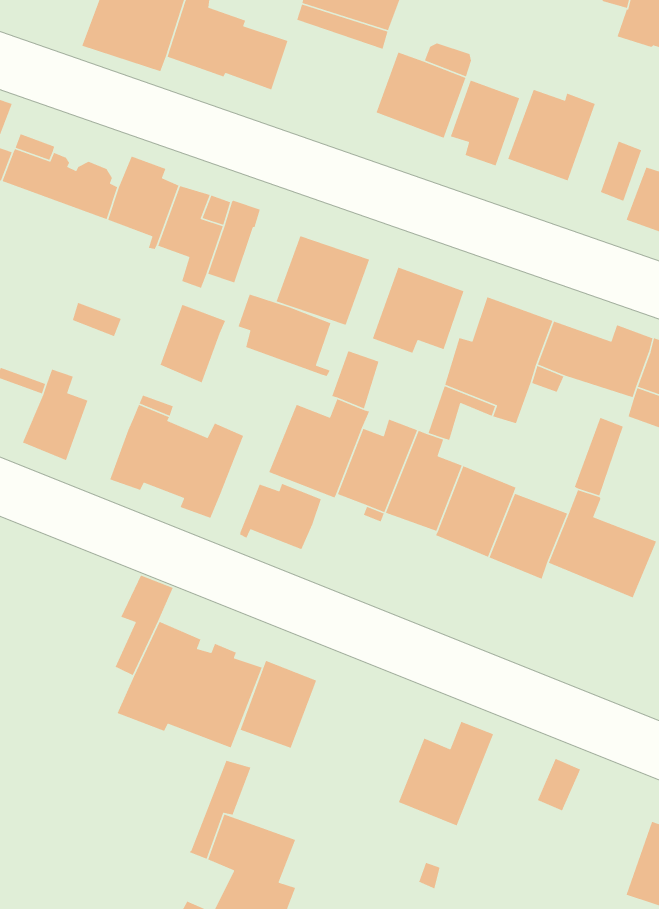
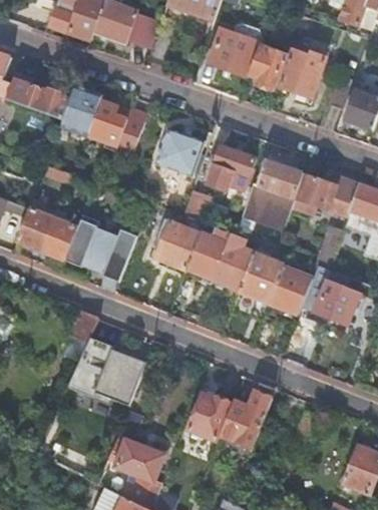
building: [237,293,331,377] -> none
building: [160,304,226,384] -> [40,216,76,260]
building: [239,483,322,550] -> none
building: [239,660,317,749] -> [188,391,231,439]

